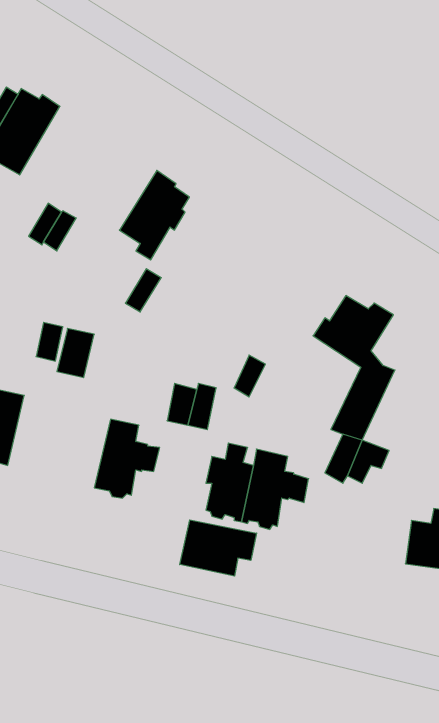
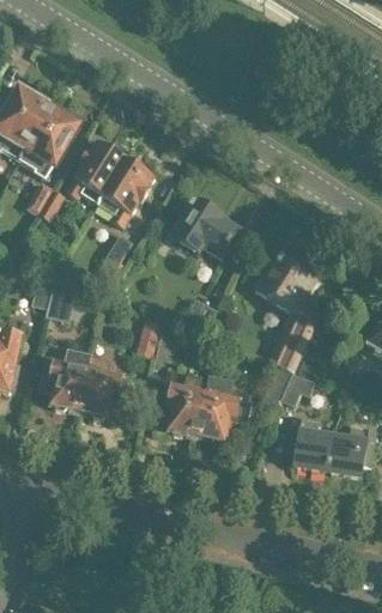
building: none -> [18,103,79,177]
building: none -> [66,140,128,202]
building: none -> [175,201,239,257]
building: none -> [41,348,91,411]
building: none -> [289,418,333,471]
building: [180,520,257,576] -> none

